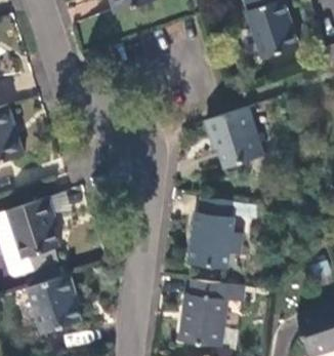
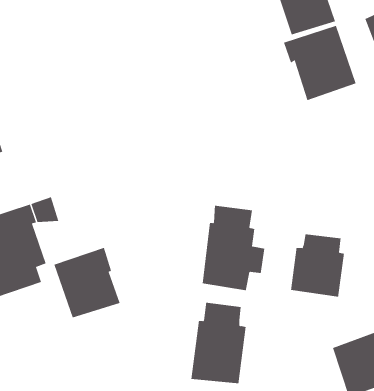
building: [203,107,263,169] -> [283,25,356,101]
building: none -> [291,234,344,298]
building: [27,274,82,332] -> [54,247,121,318]

